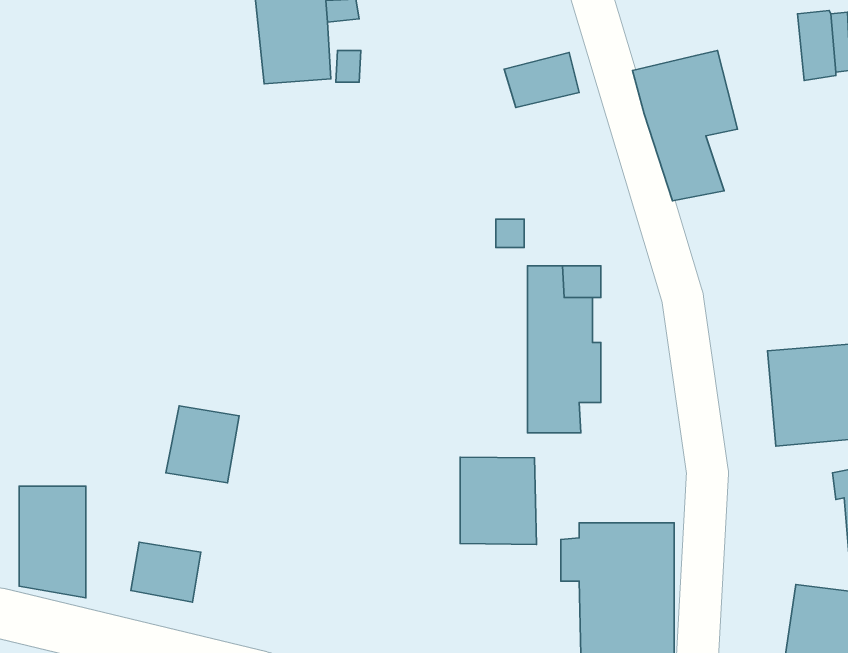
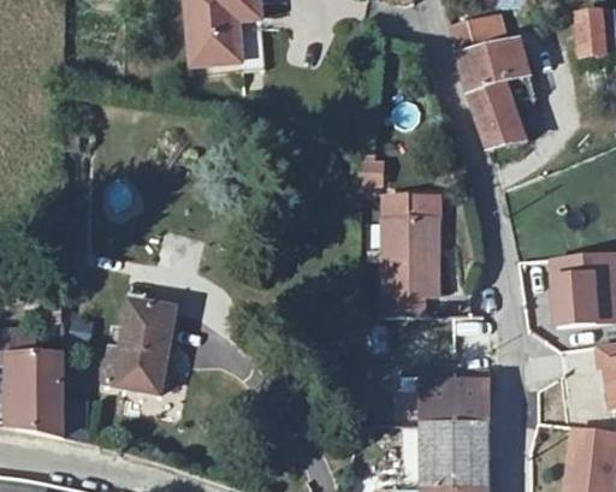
building: [504,52,579,108] -> [449,14,503,54]
building: [460,457,537,544] -> none
building: [131,542,201,602] -> [114,344,165,387]

